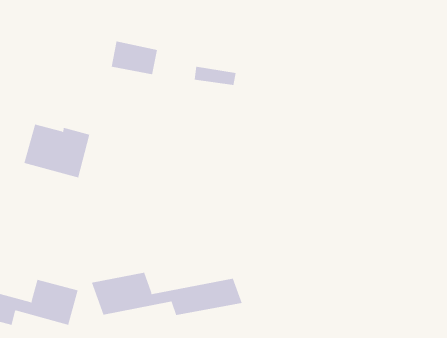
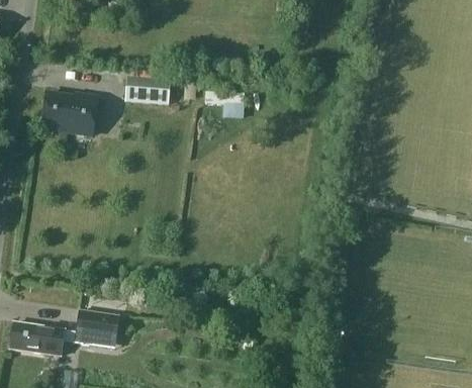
building: [24,124,90,178] -> [39,90,99,136]
building: [91,272,243,316] -> none

